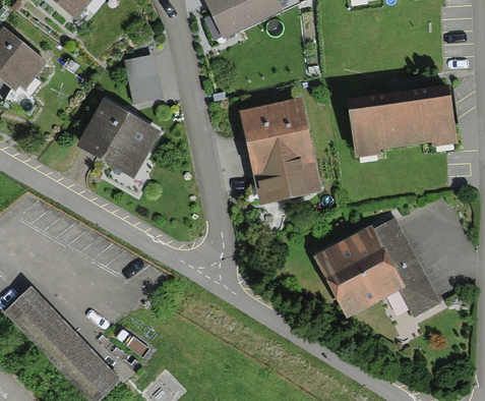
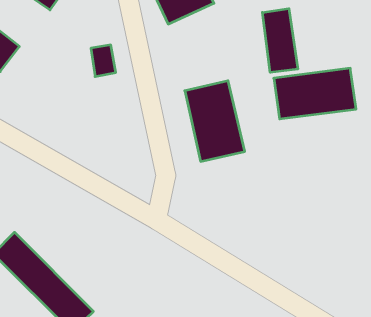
building: none -> [262,9,298,72]
building: [81,104,156,173] -> none
building: [317,219,437,321] -> none

